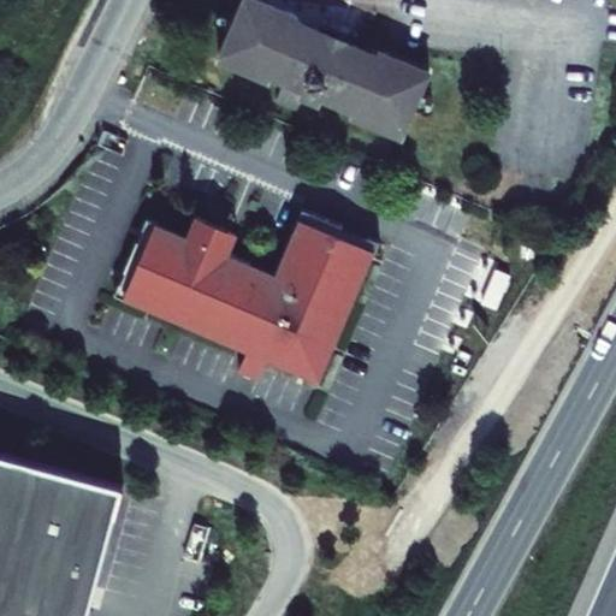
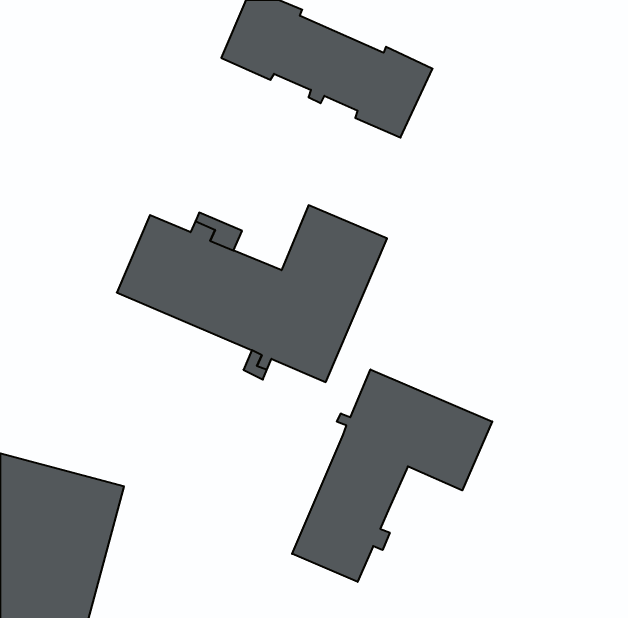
building: none -> [292,369,492,582]

